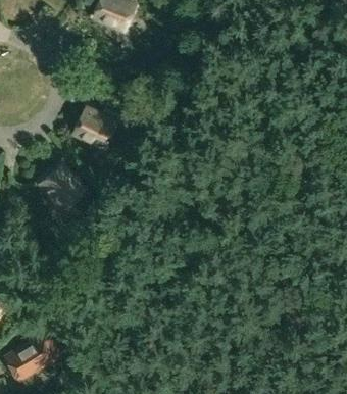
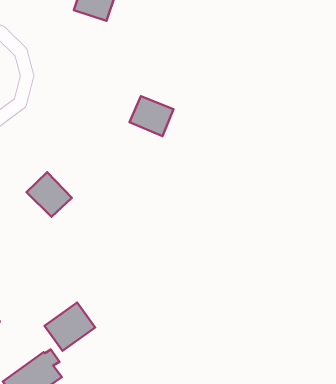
building: [75,108,116,147] -> [130,96,174,136]
building: none -> [44,302,95,351]

